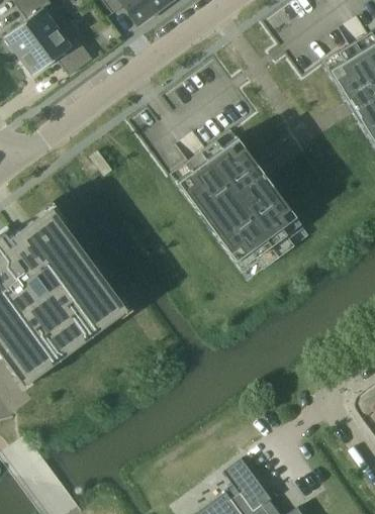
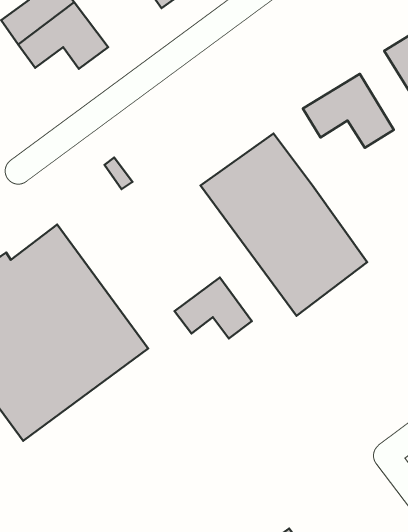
building: none -> [303,74,394,148]
building: none -> [175,278,252,338]

